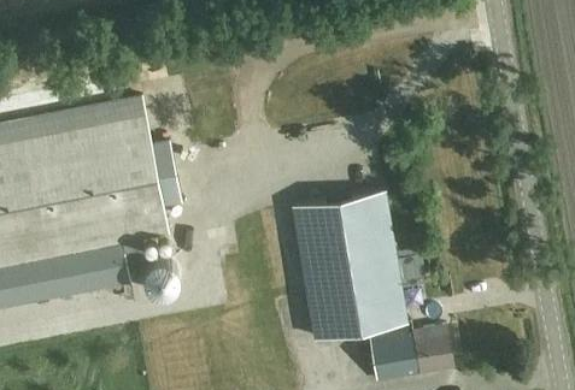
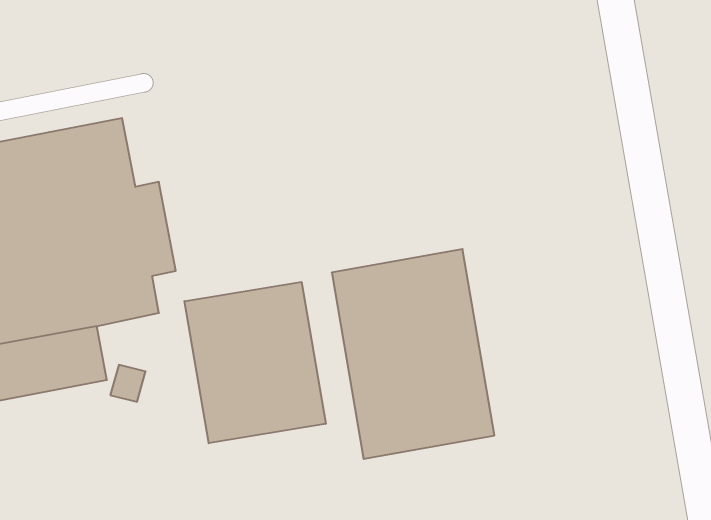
building: none -> [184,282,326,443]
building: [369,325,451,378] -> none

